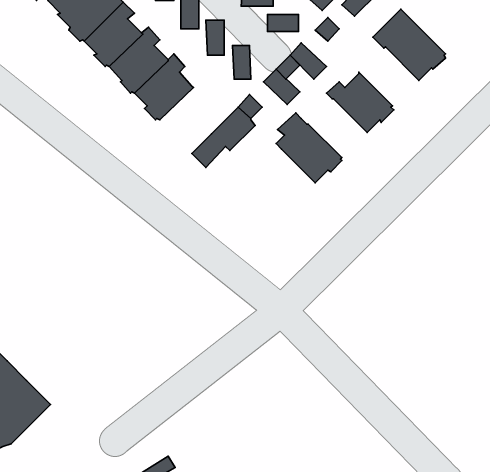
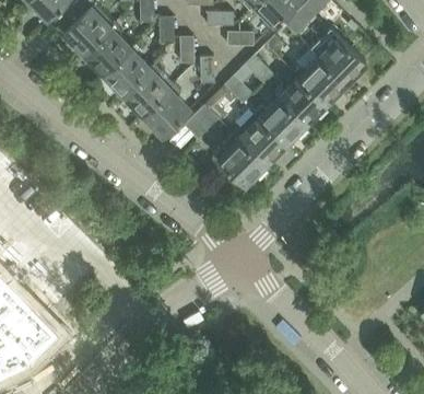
building: none -> [294,50,345,104]
building: none -> [143,84,190,136]
building: none -> [254,98,305,144]
building: none -> [213,135,266,185]

